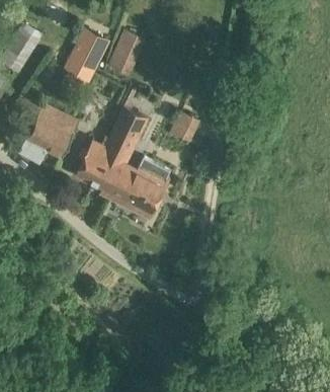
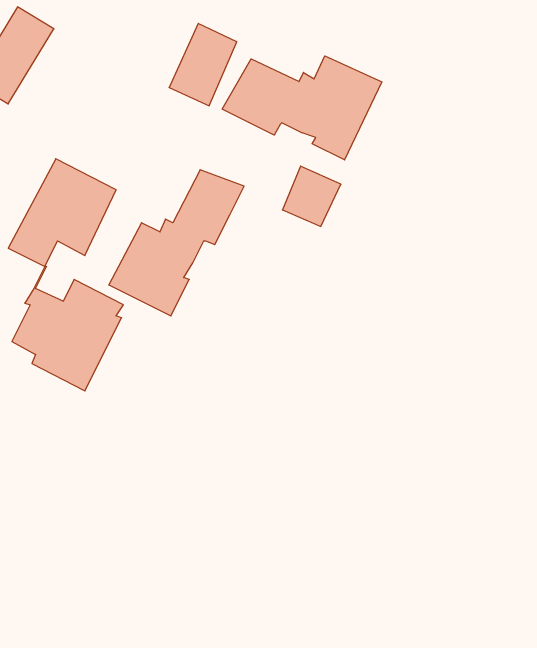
building: [64,29,108,79] -> none
building: none -> [222,56,382,160]
building: [108,150,170,219] -> [12,267,123,391]

